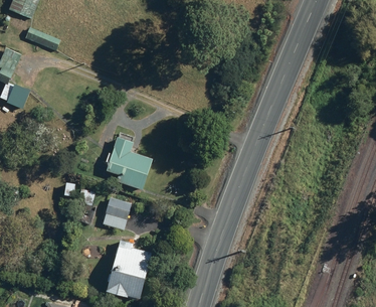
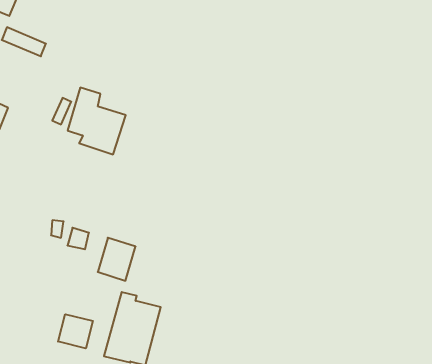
building: [106,136,152,189] -> [68,88,126,154]
building: none -> [58,314,93,348]

